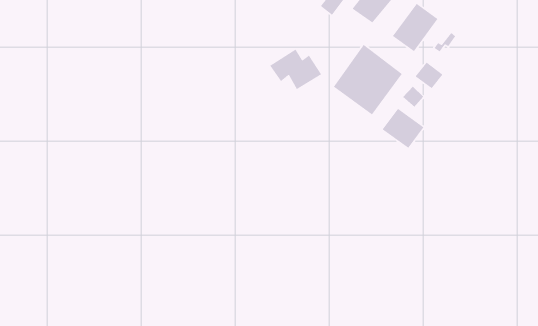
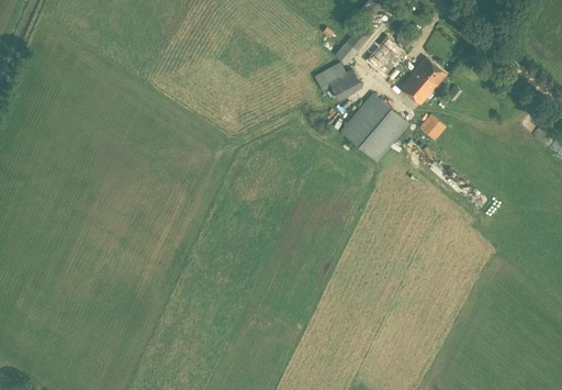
building: [269,48,322,90] -> [313,62,362,101]
building: [382,108,425,149] -> none

